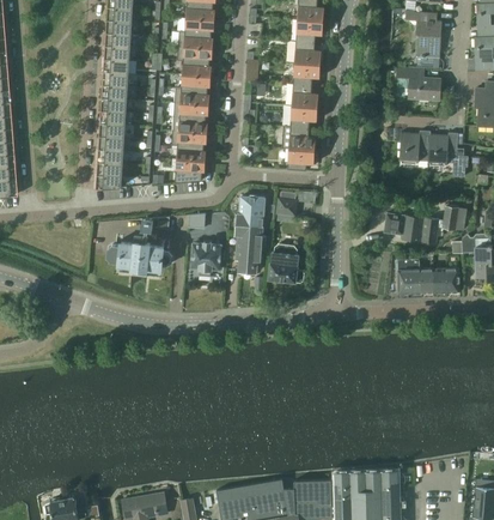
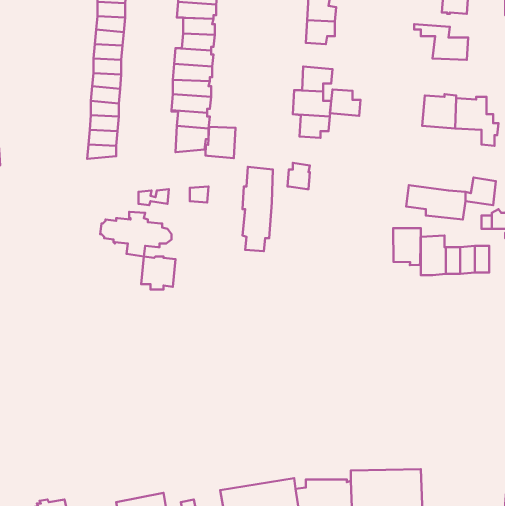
building: [291,83,318,107] -> [330,89,360,116]
building: none -> [206,127,235,158]
building: [190,242,221,272] -> [141,257,175,290]
building: [268,243,304,282] -> none
building: none -> [393,228,421,265]

